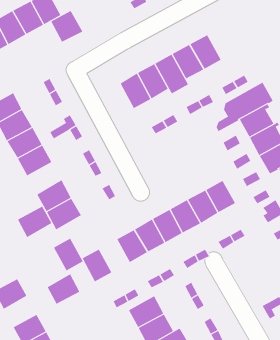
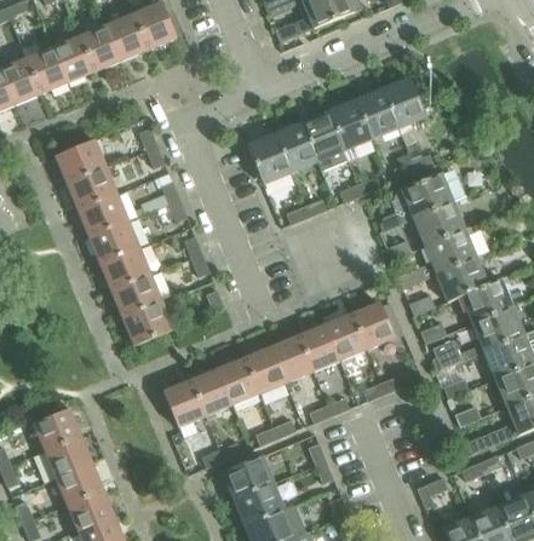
building: [50,10,83,42] -> none
building: none -> [383,77,425,128]
building: [17,206,52,238] -> [99,247,149,290]
building: [53,238,84,271] -> [191,368,232,415]
building: [47,273,80,305] -> [44,434,91,477]

